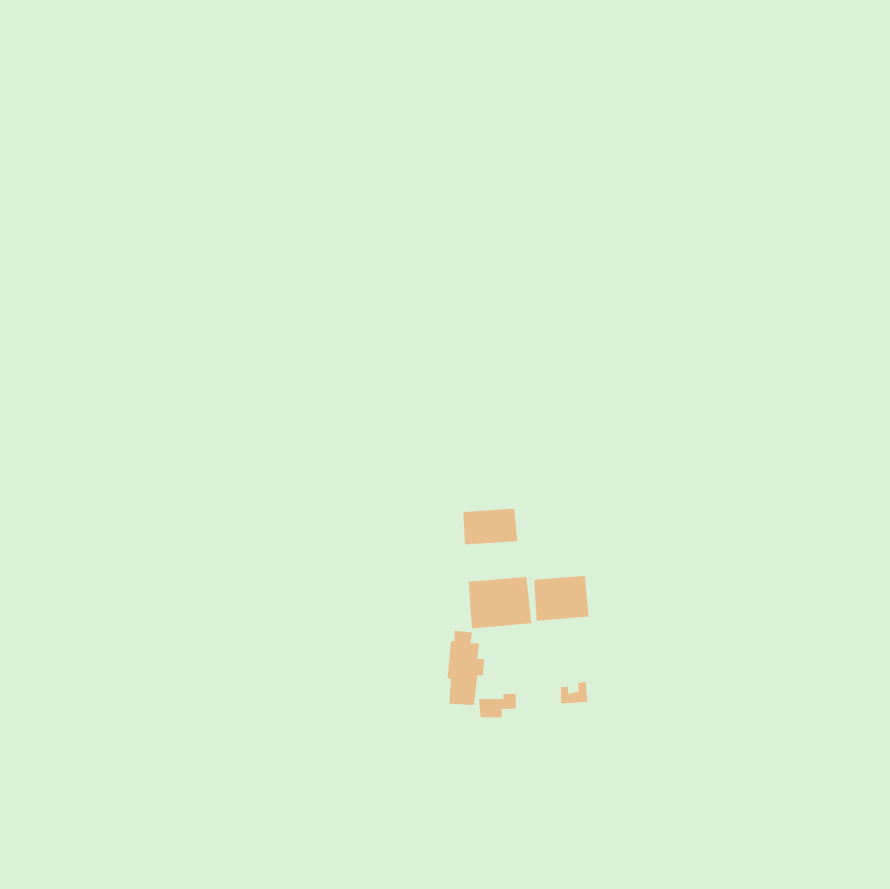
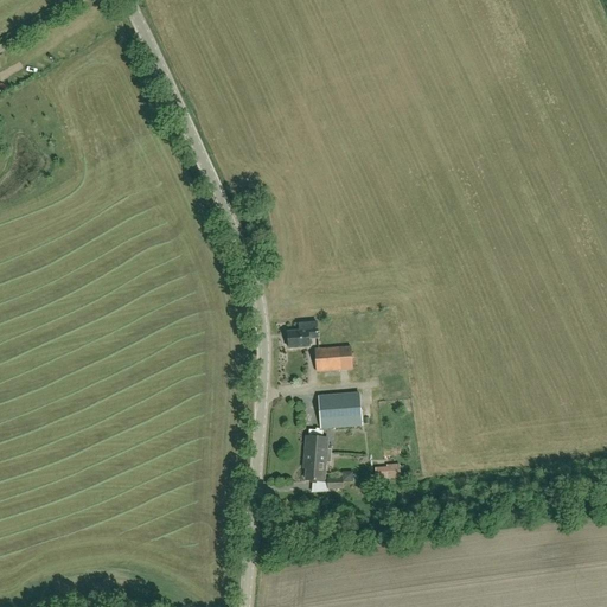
building: none -> [286,320,317,346]
building: [534,575,589,622] -> none

